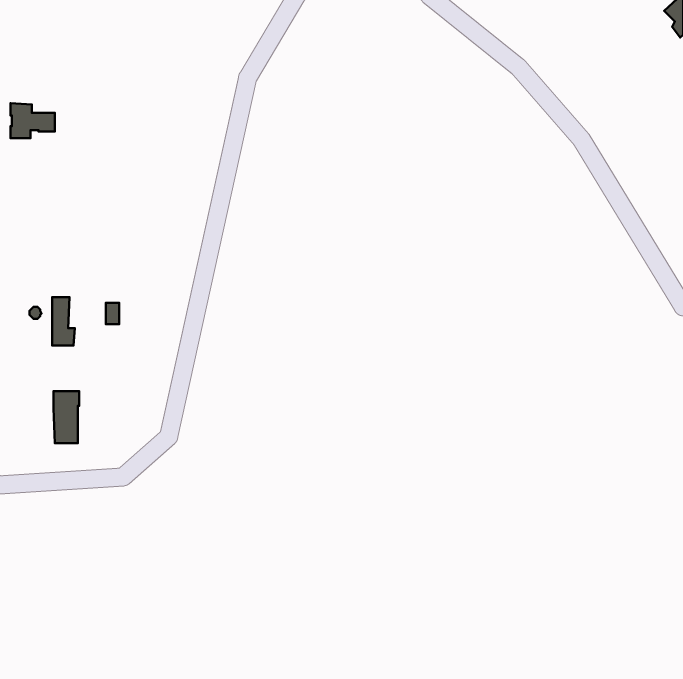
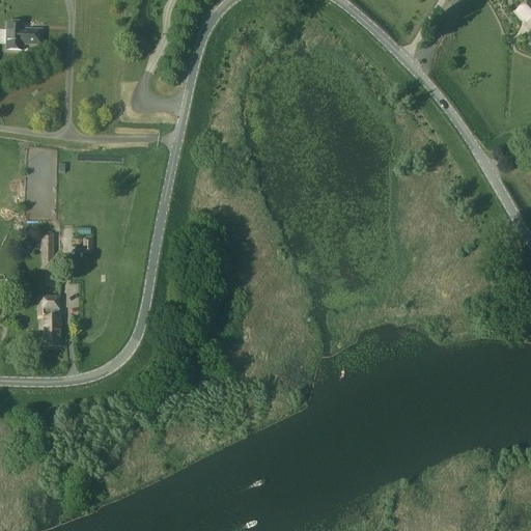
building: [11,103,55,138] -> [6,20,40,47]

